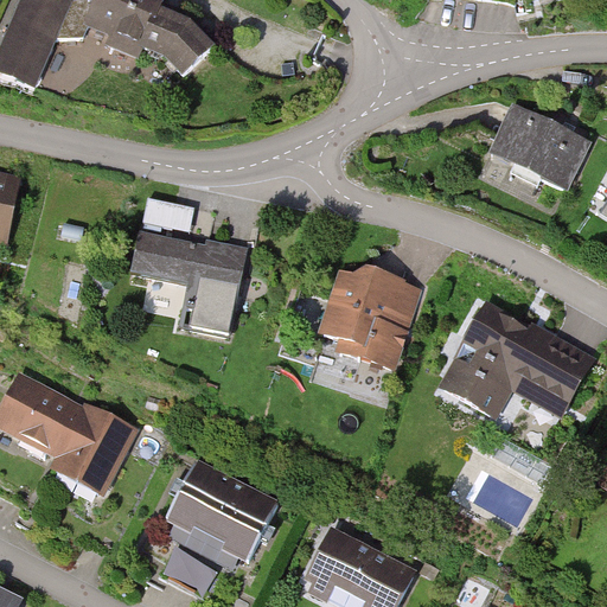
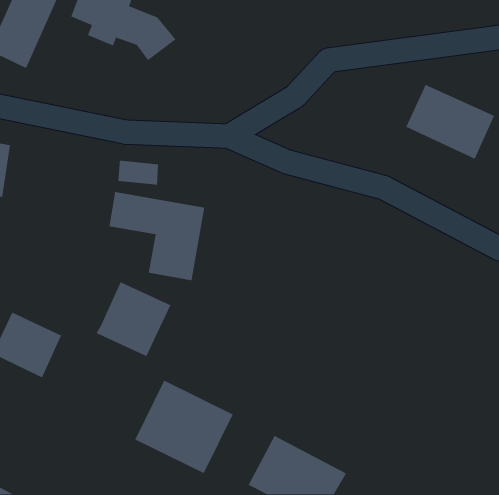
building: [319,264,418,371] -> none
building: [439,299,595,416] -> none
building: [45,403,136,494] -> [96,281,172,357]
building: [158,542,216,590] -> none

